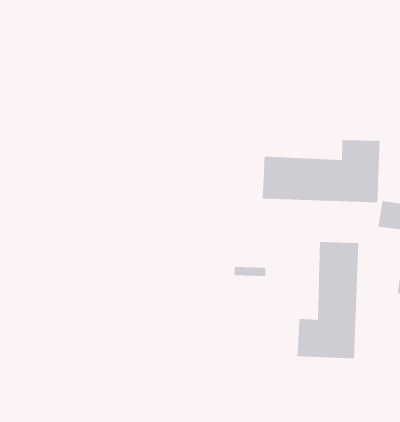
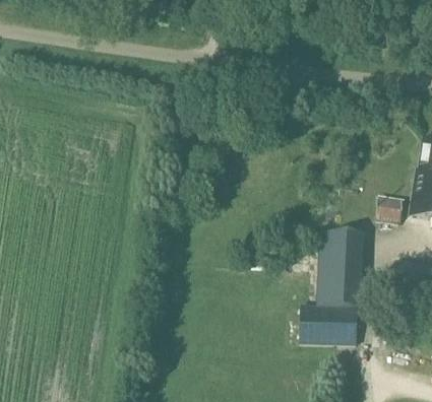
building: [262,140,380,203] -> none

